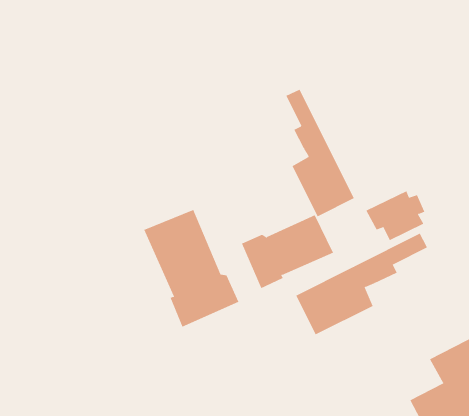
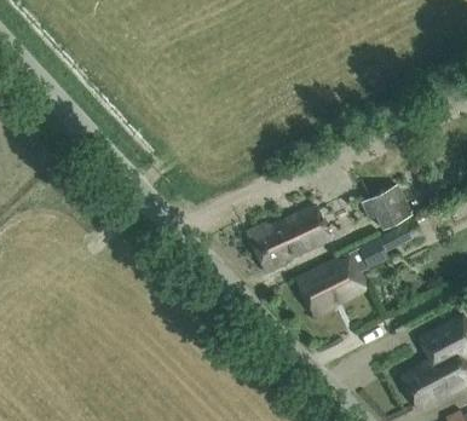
building: [286,89,355,217] -> none
building: [143,209,239,328] -> none

